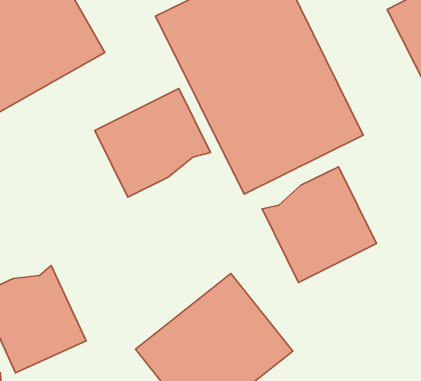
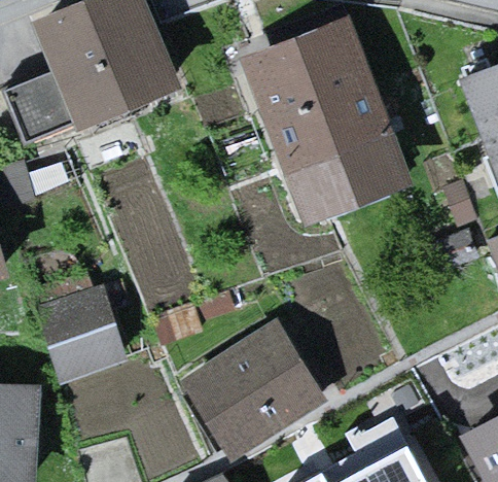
building: [95,88,210,197] -> none
building: [262,167,377,282] -> none

